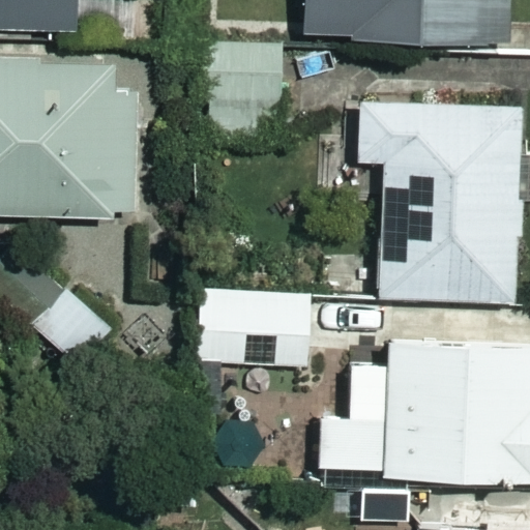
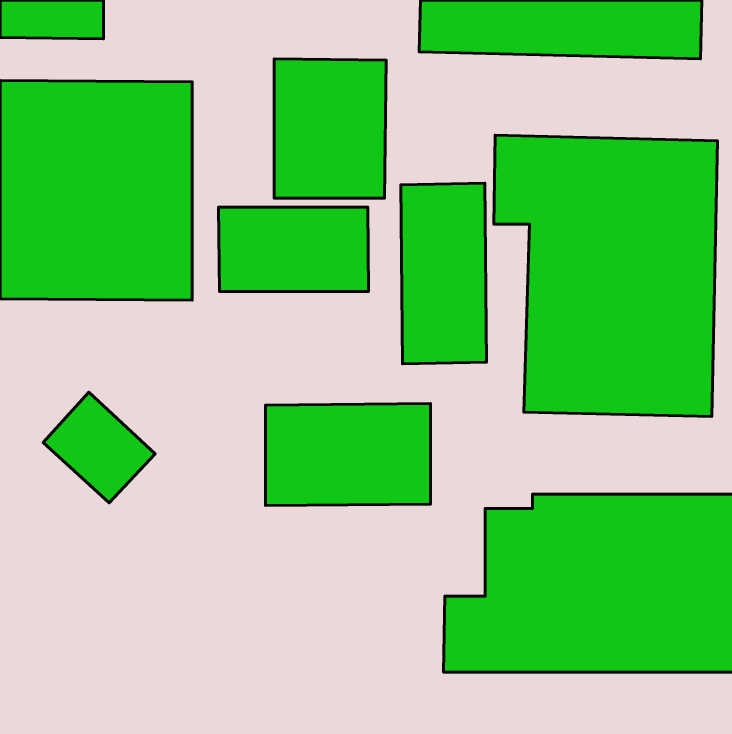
building: none -> [401,183,487,364]
building: none -> [219,207,369,292]

